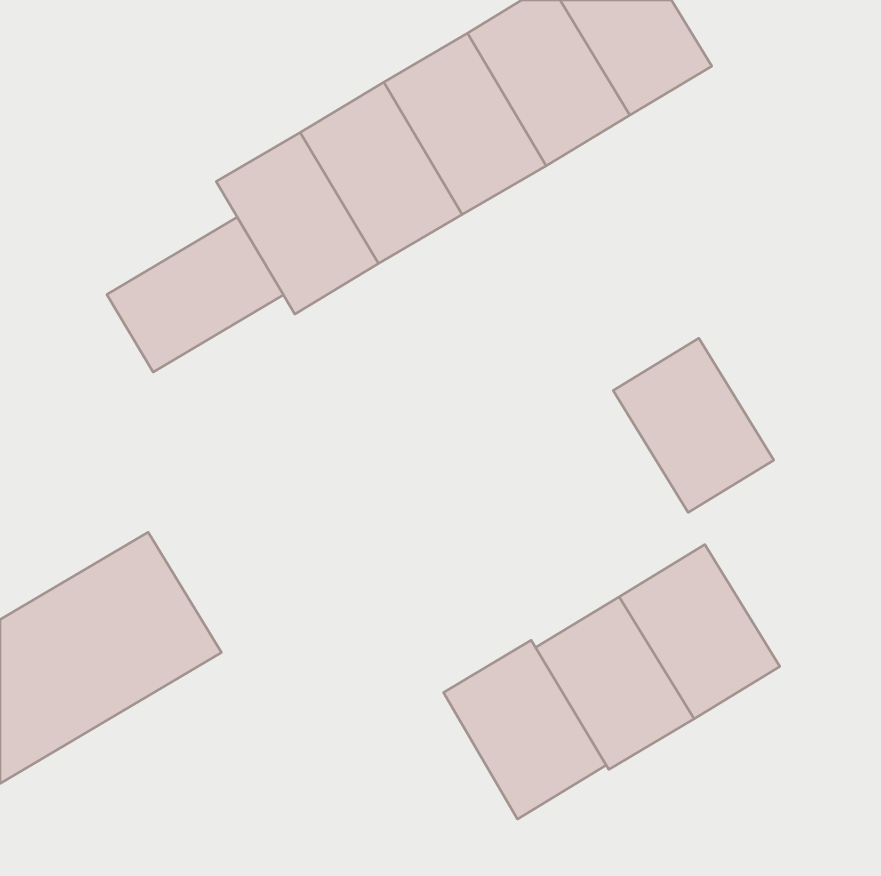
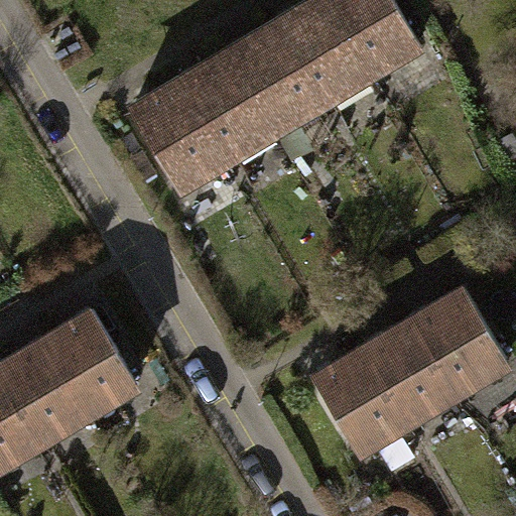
building: [107,217,283,372] -> none
building: [613,338,774,513] -> [413,293,506,394]
building: [443,640,606,819] -> none

